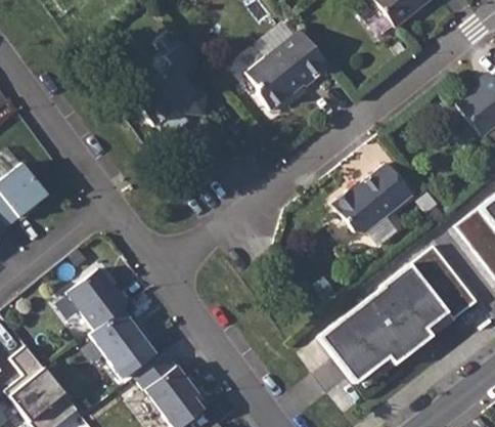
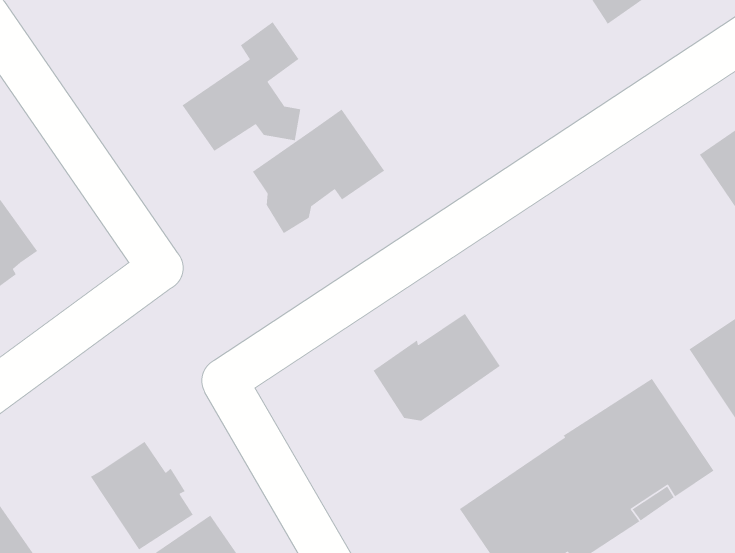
building: [244,29,327,110] -> [252,109,385,234]
building: [329,165,409,234] -> [372,313,501,422]
building: [66,266,130,328] -> none

